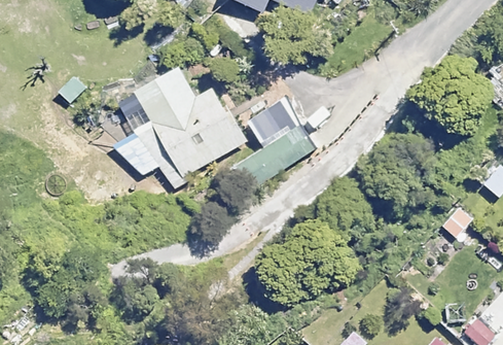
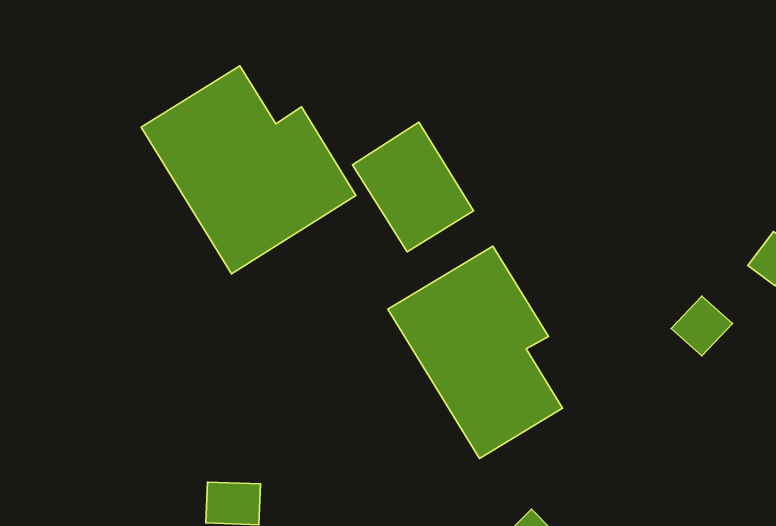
building: none -> [388,246,562,459]

